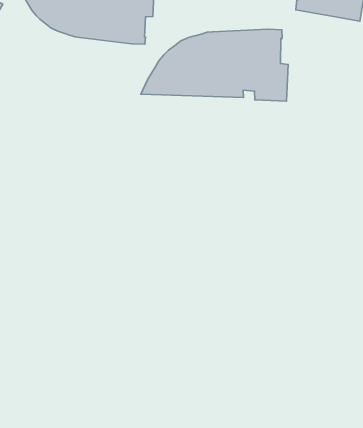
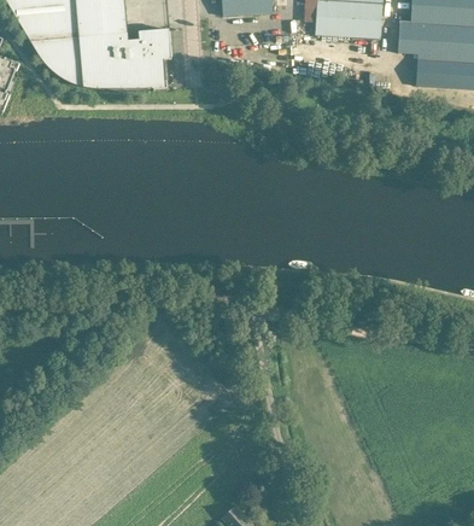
building: [141,29,288,101] -> none

